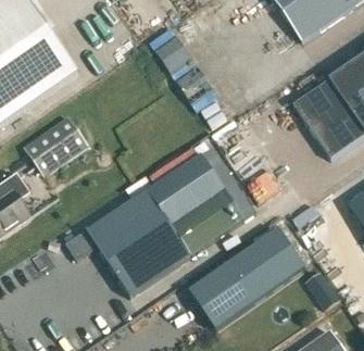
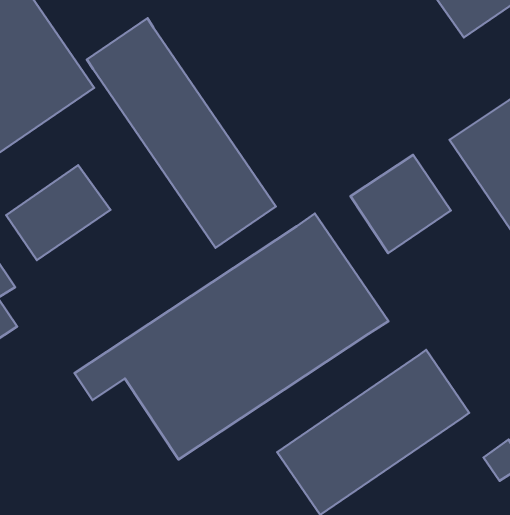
building: none -> [87,18,276,248]
building: none -> [351,155,451,253]

